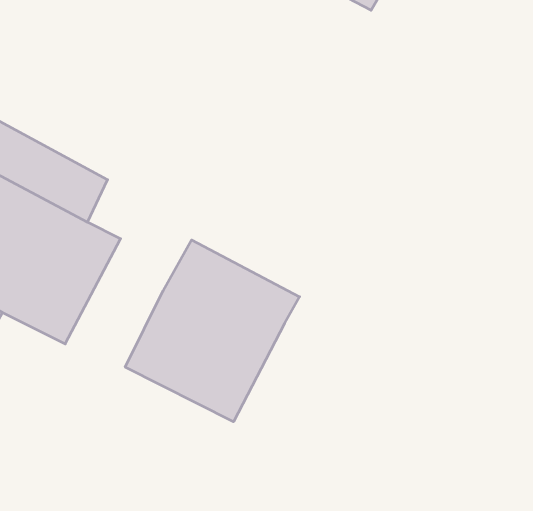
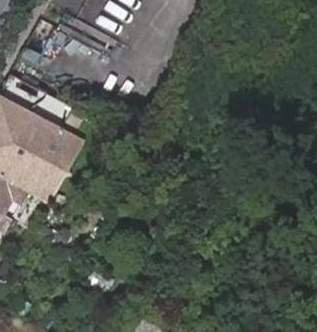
building: [125,240,300,422] -> none

